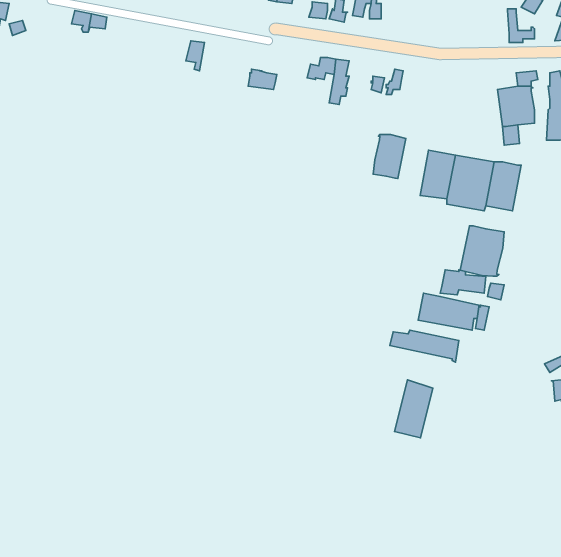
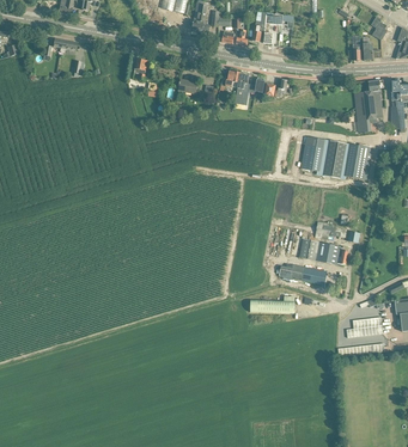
building: [373,134,406,178] -> none
building: [460,226,504,276] -> none
building: [395,380,433,438] -> none

